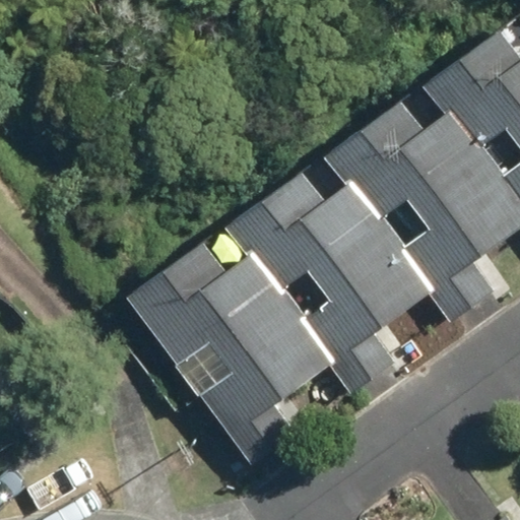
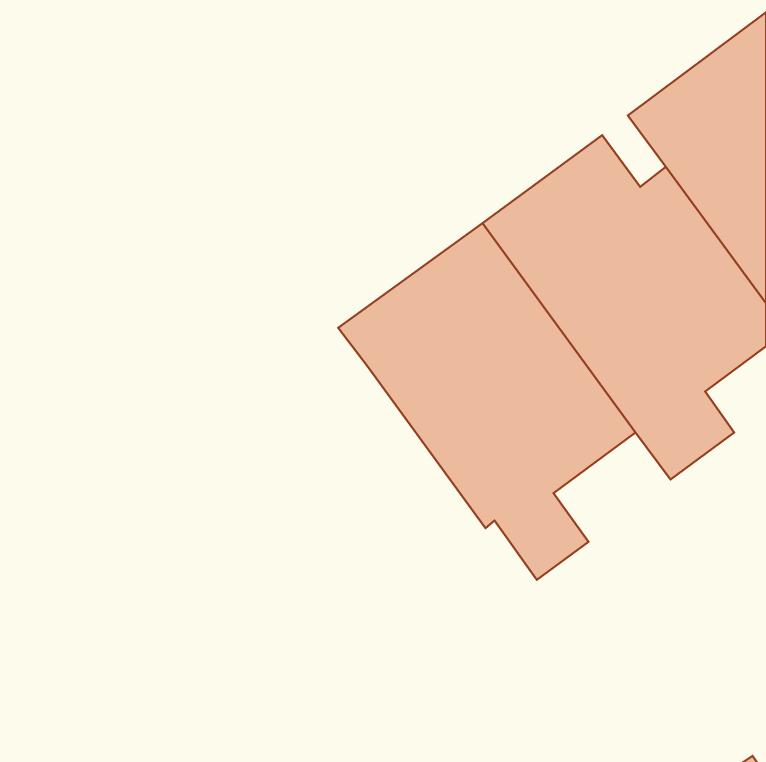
building: [131,245,325,433] -> none

